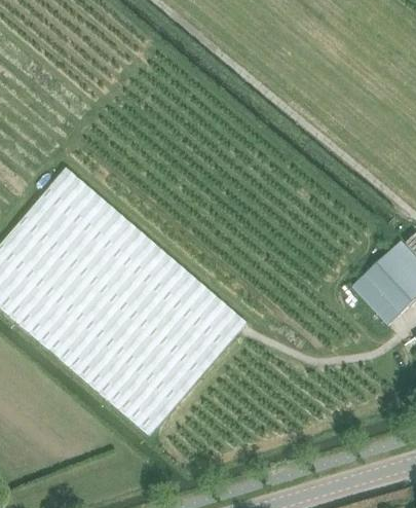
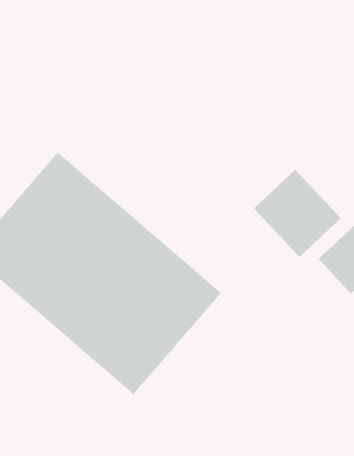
building: none -> [253,169,341,258]

